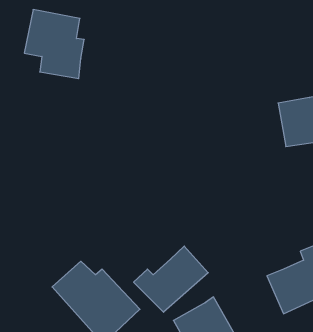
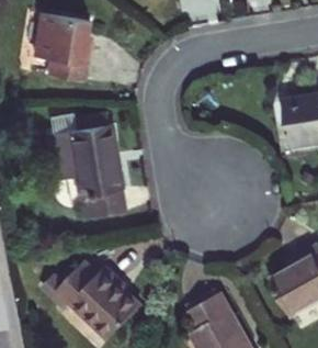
building: none -> [48,124,122,218]
building: [134,246,208,312] -> none

